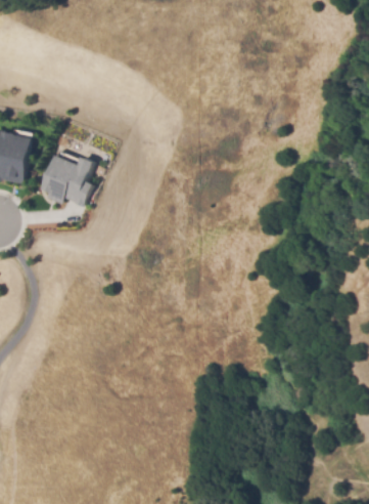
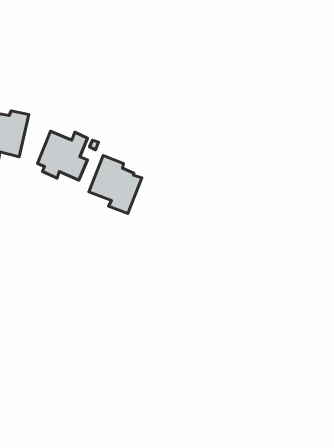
building: none -> [89,155,142,214]

